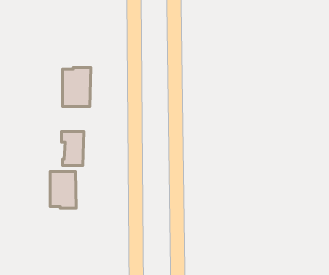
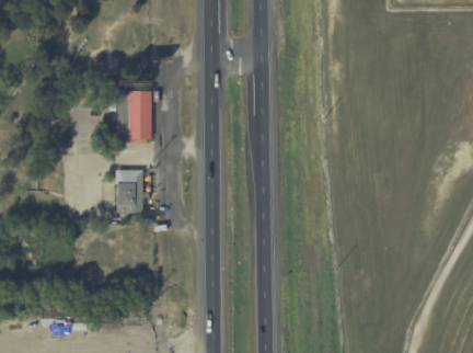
building: [50,171,76,208] -> none

